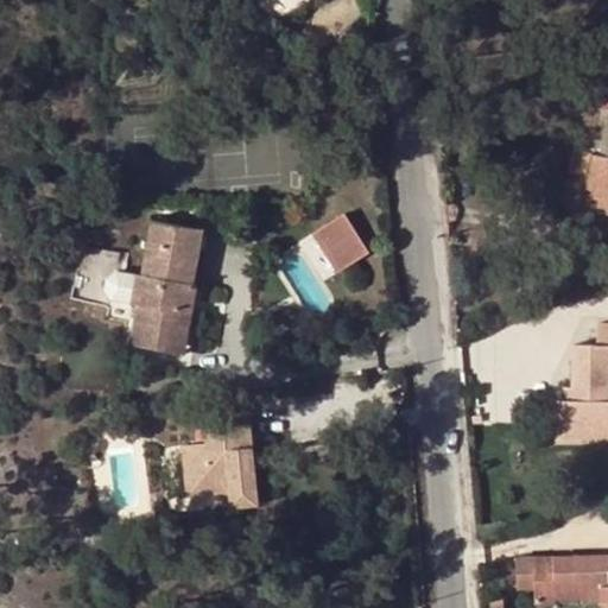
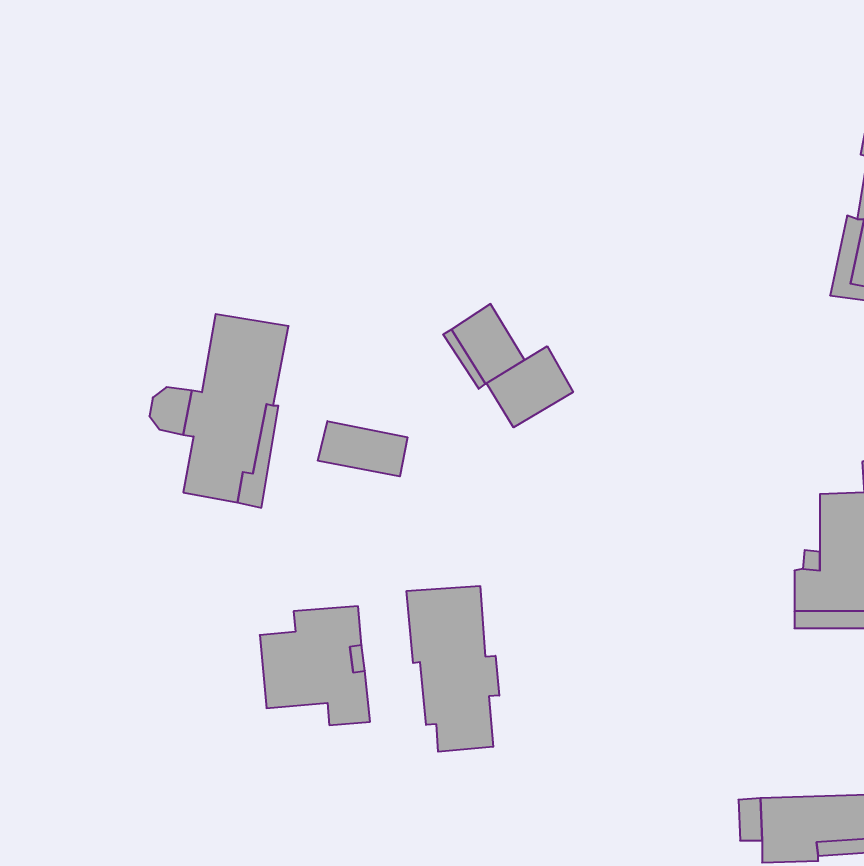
building: none -> [487,346,573,427]
building: none -> [318,421,407,476]
building: none -> [407,586,499,752]

